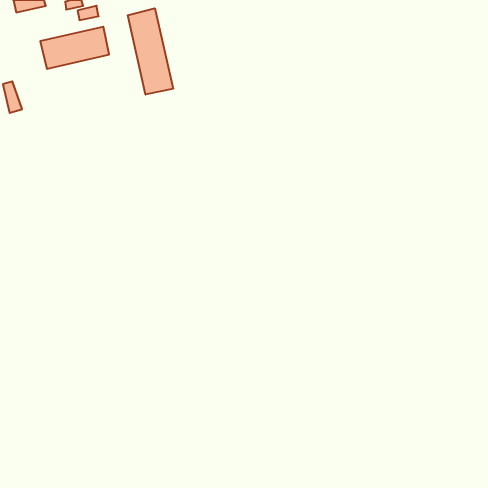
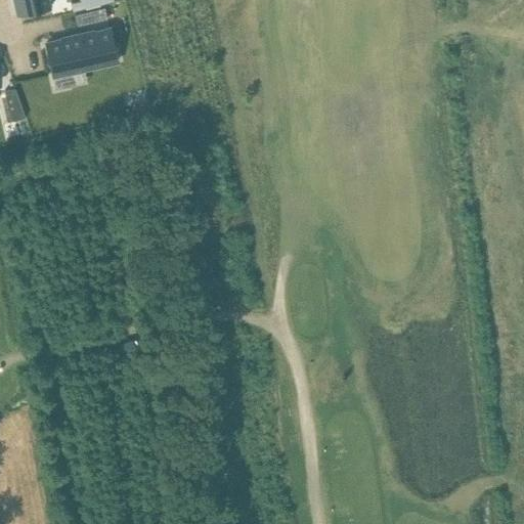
building: [128,8,173,95] -> none

